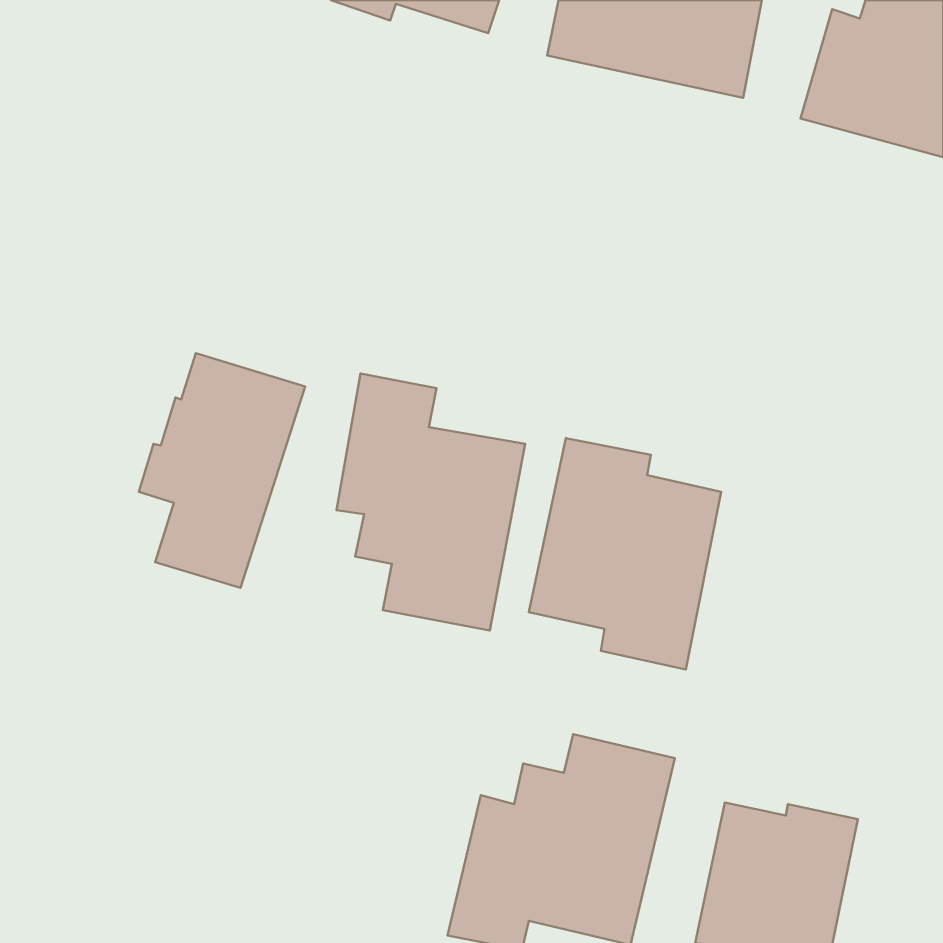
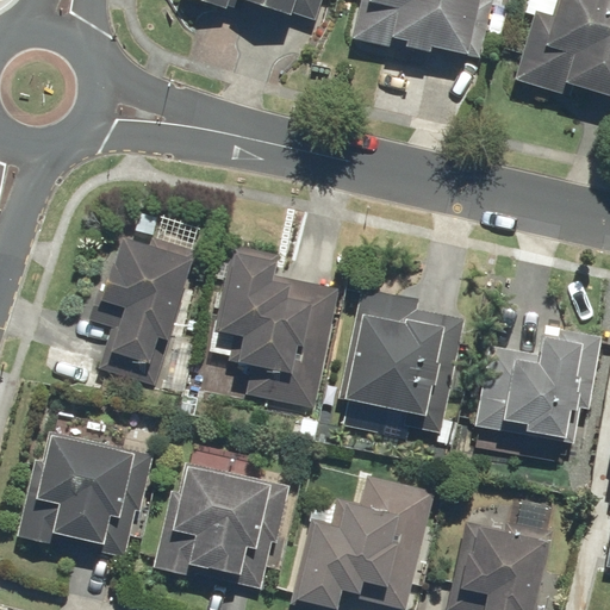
building: none -> [478,325,603,441]
building: none -> [19,427,155,560]
building: none -> [156,462,290,590]

